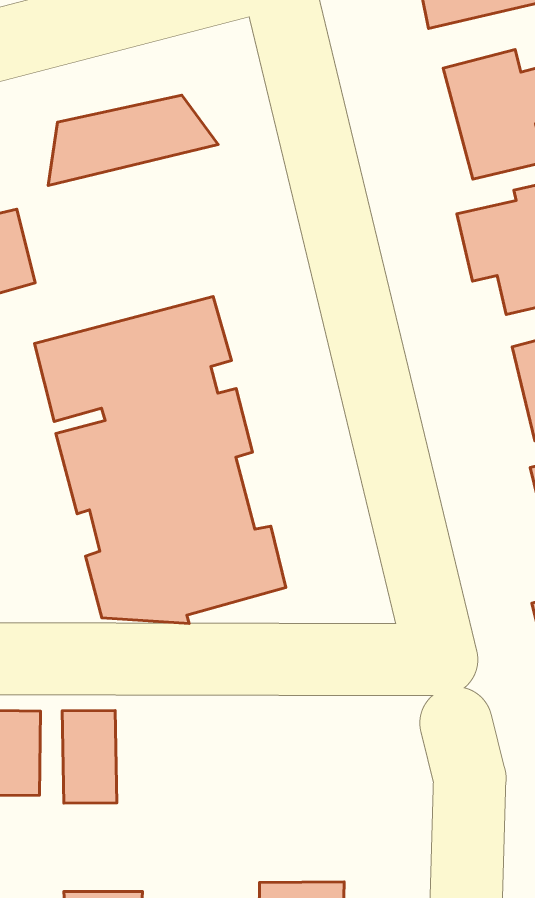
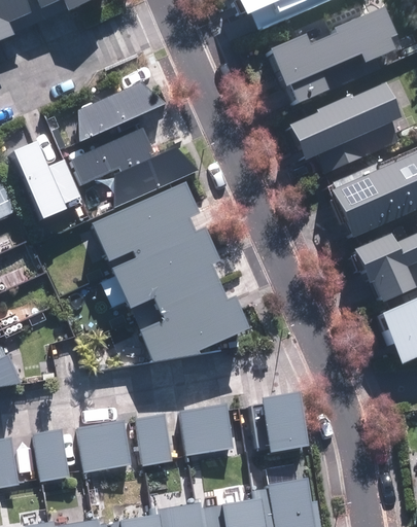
building: none -> [73,128,201,207]
building: none -> [180,403,232,458]
building: none -> [257,394,303,455]

